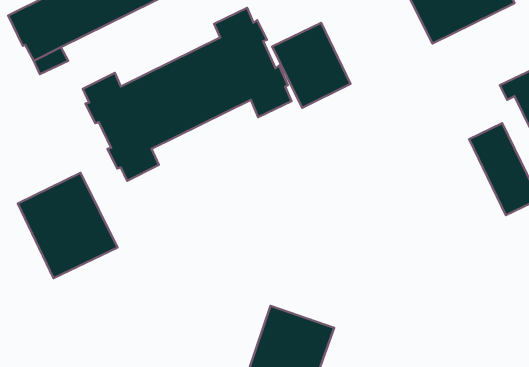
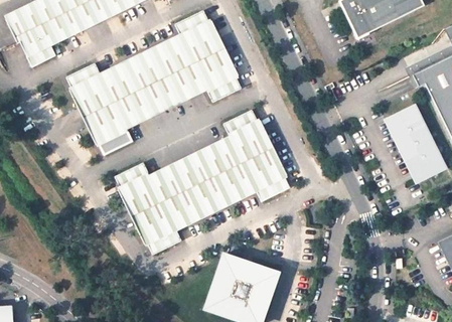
building: [272,23,350,108] -> none
building: none -> [117,110,290,251]
building: [18,173,117,278] -> none

